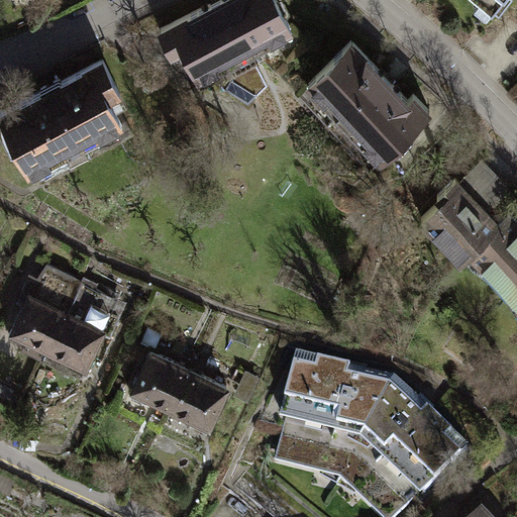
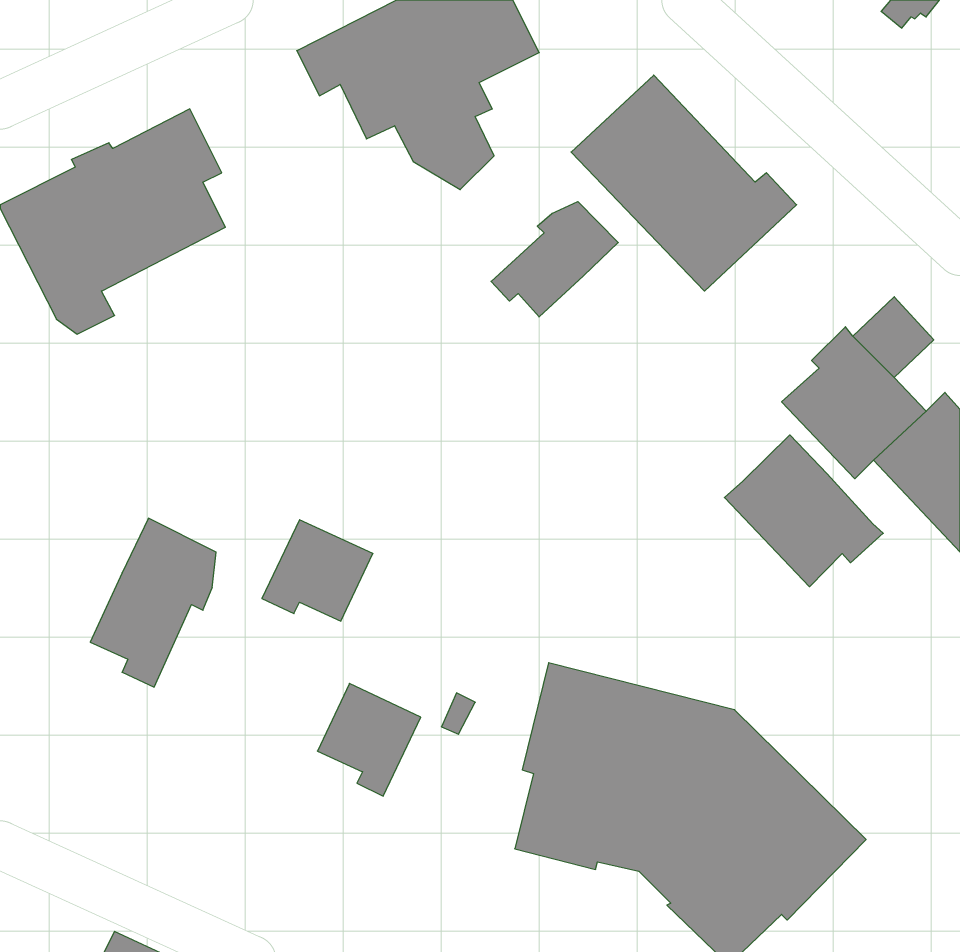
building: none -> [491,202,618,317]
building: none -> [724,435,883,587]
building: [8,267,80,349] -> none
building: [128,353,188,408] -> [262,520,373,621]

